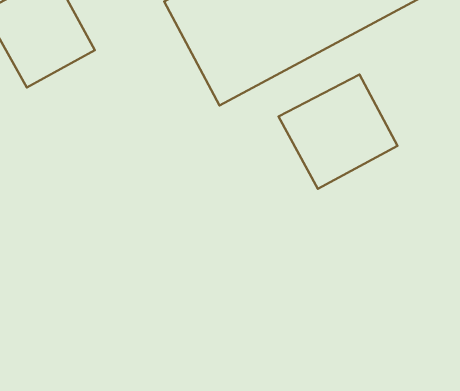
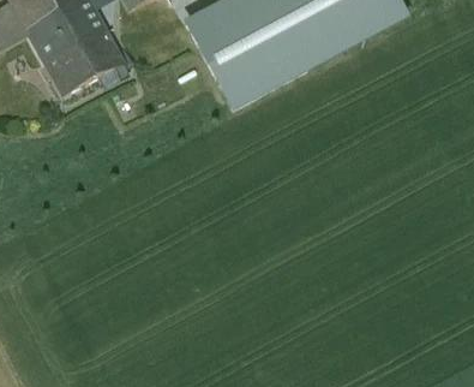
building: [279,74,398,189] -> none

